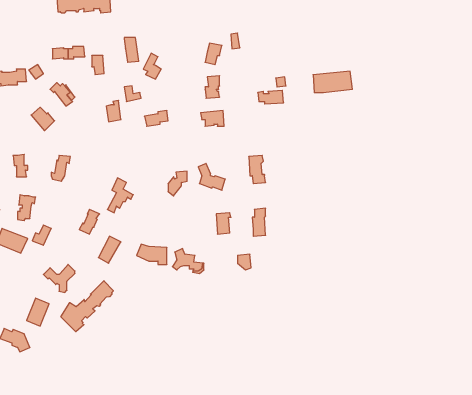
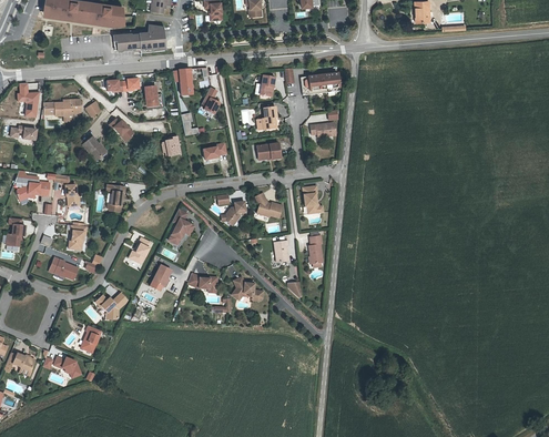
building: [313,71,352,93] -> [298,72,337,93]
building: [61,281,113,332] -> none

